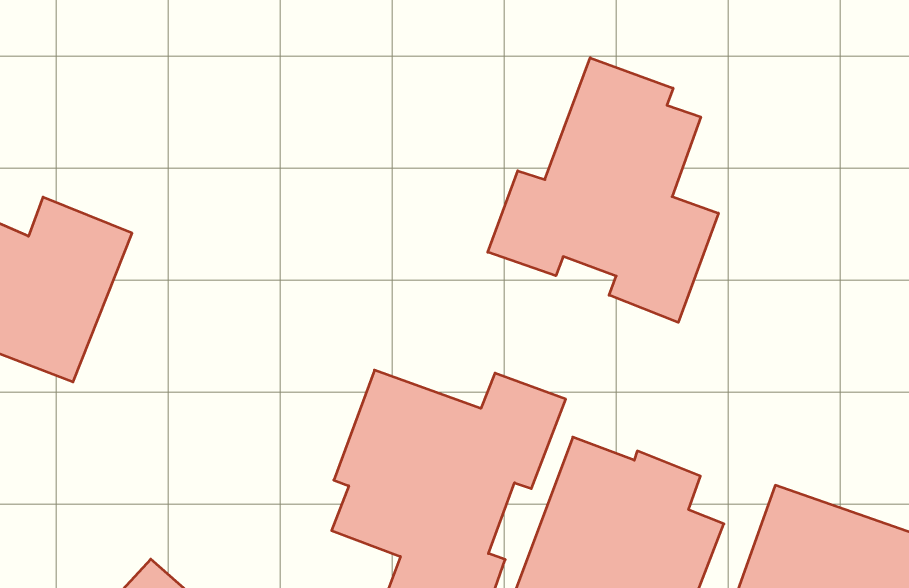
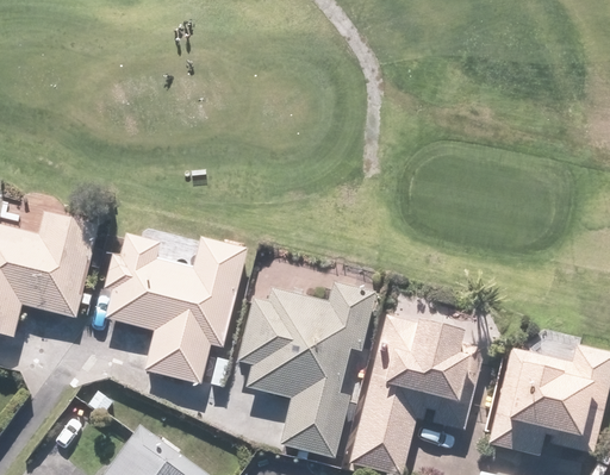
building: [488,58,718,322] -> none
building: none -> [102,230,244,379]

